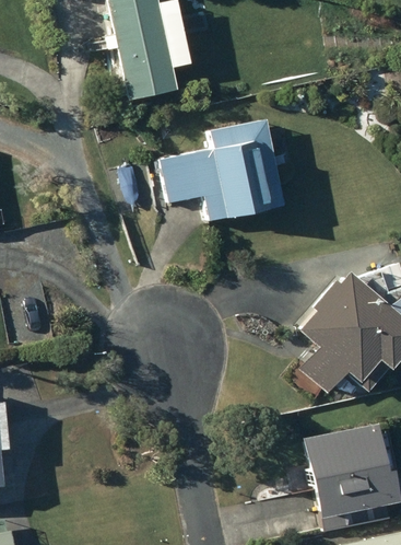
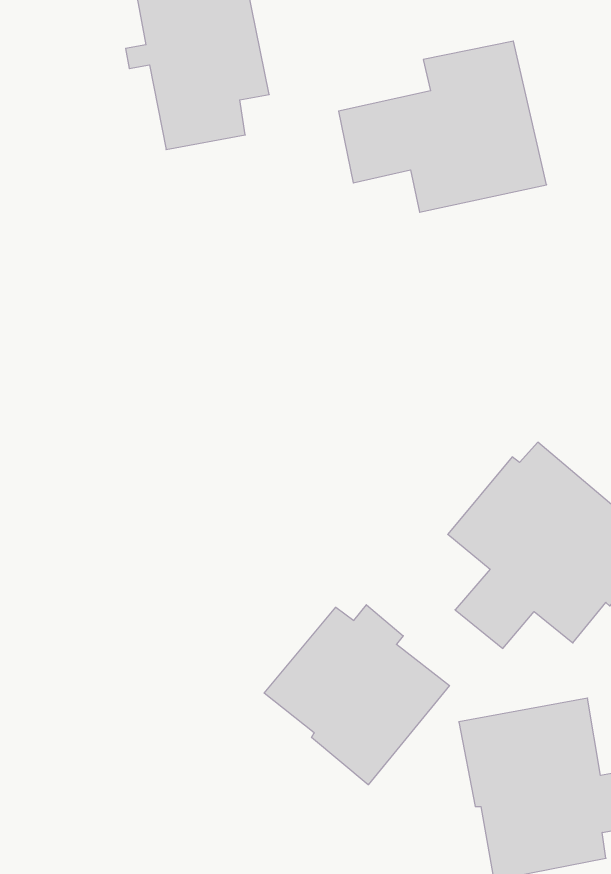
building: [162,120,285,222] -> [339,41,547,212]
building: none -> [264,605,449,785]

